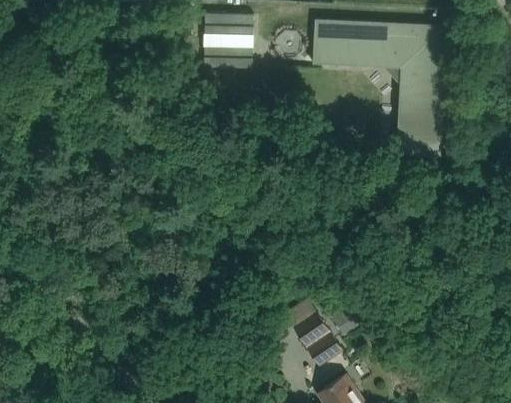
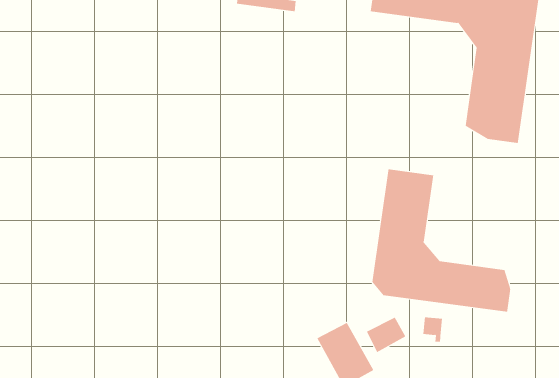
building: none -> [372,168,511,313]

